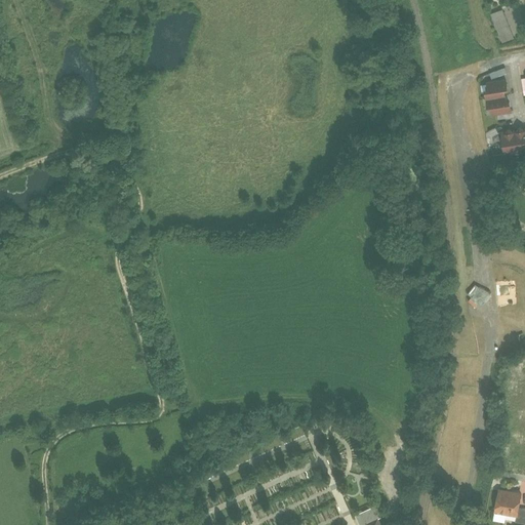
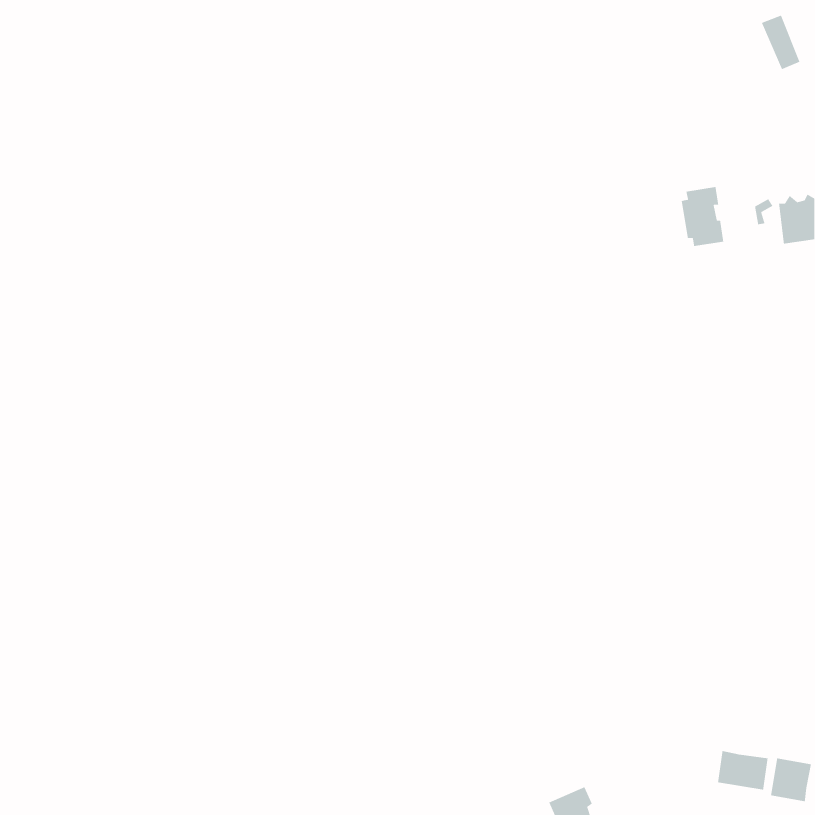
building: [483,78,511,117] -> [681,186,724,247]
building: none -> [717,750,769,791]

